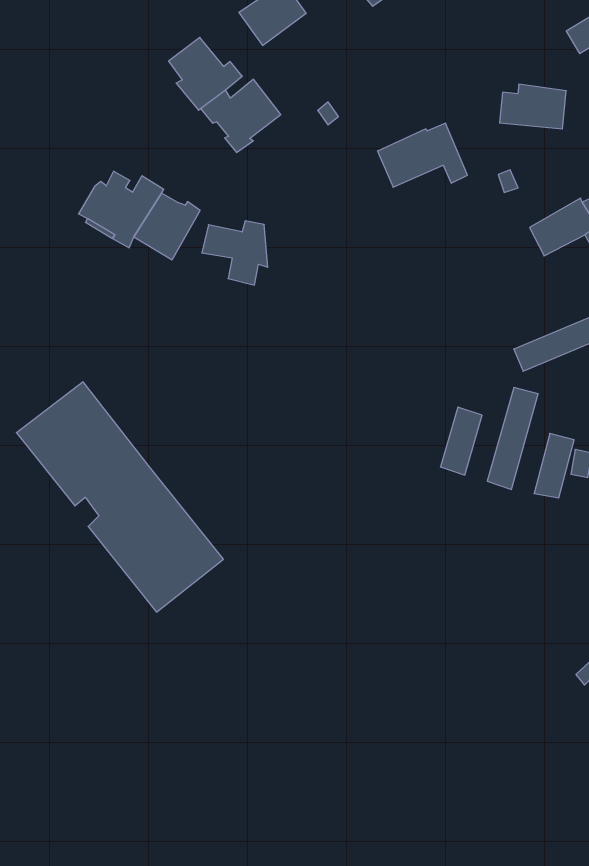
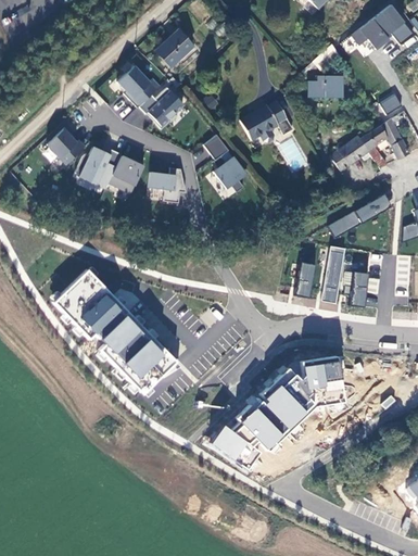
building: none -> [46,126,86,164]
building: none -> [204,135,246,192]
building: none -> [213,357,347,470]

